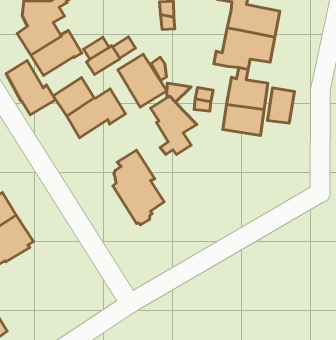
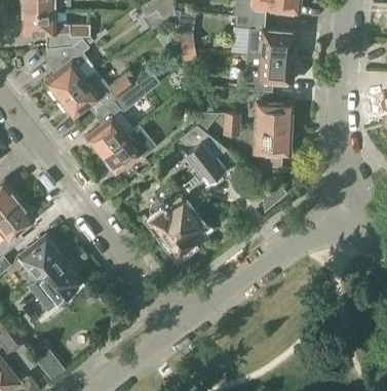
building: [118,54,167,107] -> none
building: [6,60,55,115] -> none
building: [268,88,294,123] -> none

